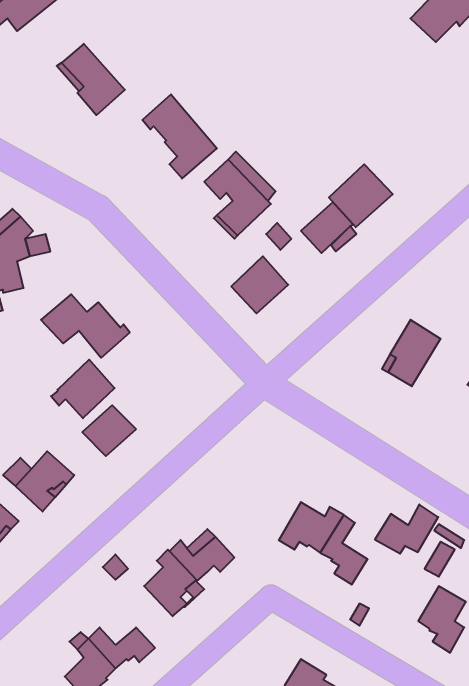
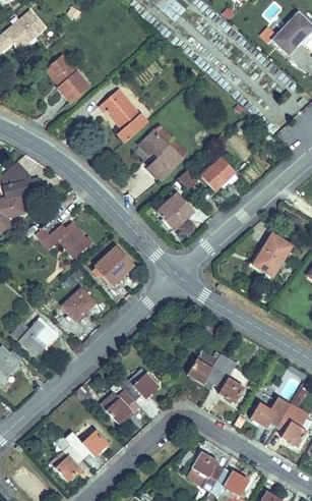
building: [329,164,393,227] -> none
building: [51,360,115,418] -> [91,246,132,284]
building: [375,504,438,554] -> [249,396,290,428]

